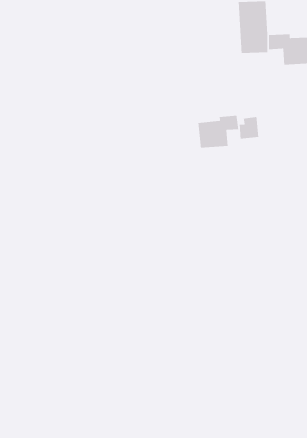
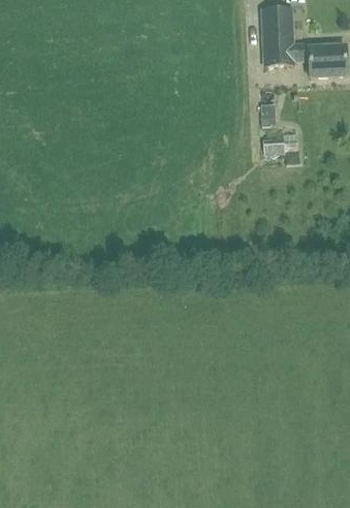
building: [198,115,239,149] -> none

